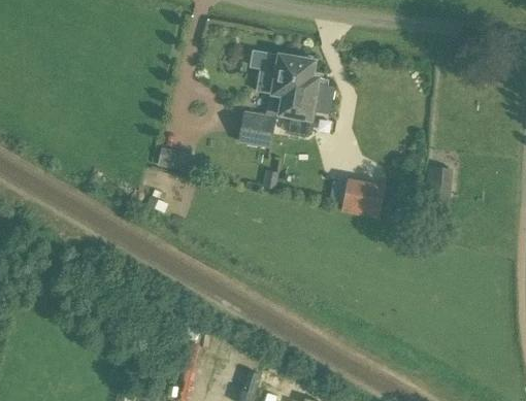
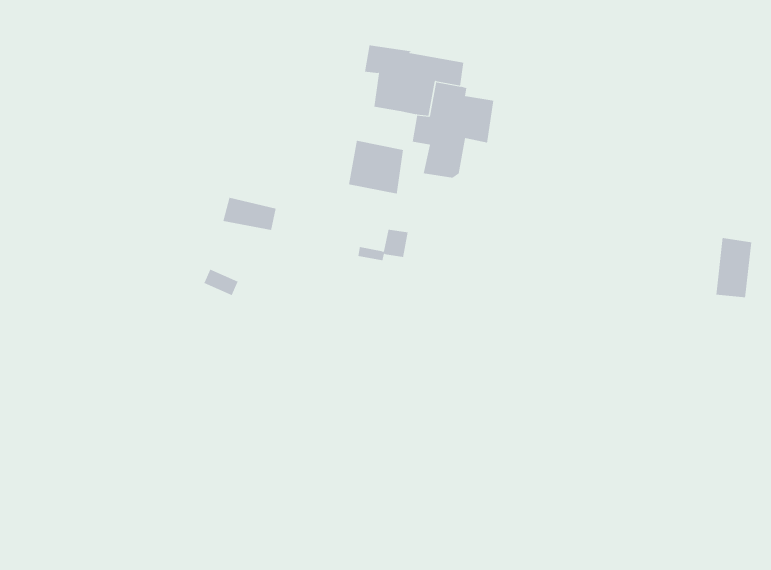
building: [428,166,452,205] -> [716,238,752,298]
building: [340,178,384,220] -> none

